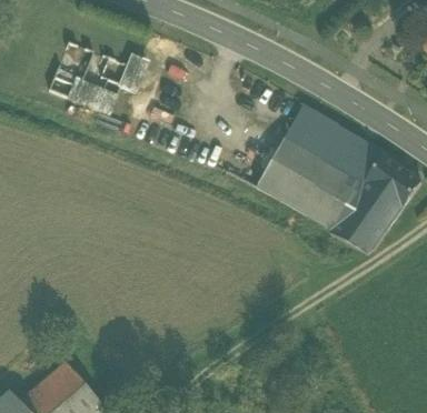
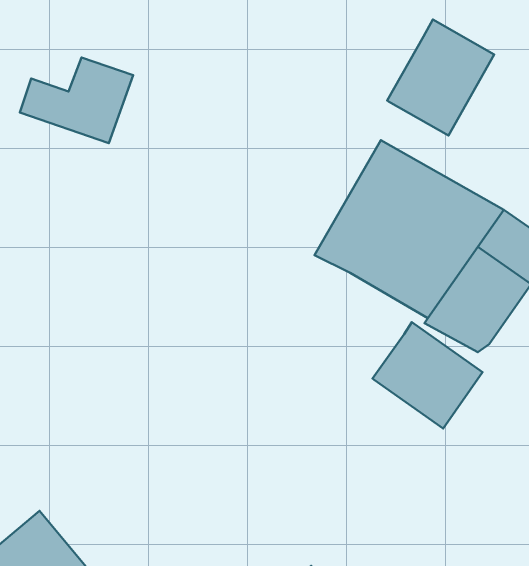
building: none -> [387,20,494,136]
building: none -> [372,322,483,428]

